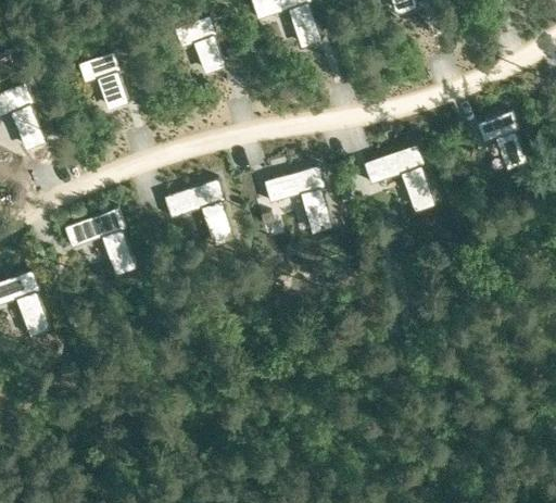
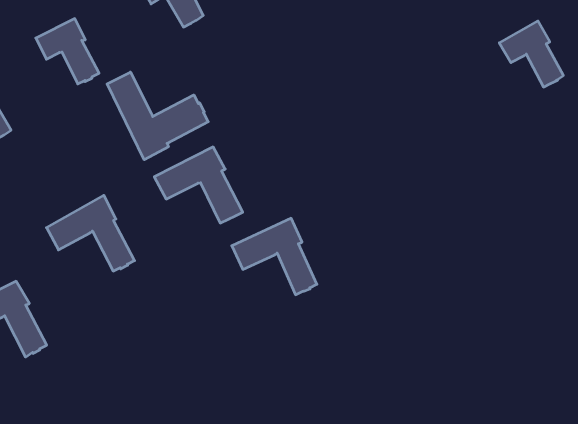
building: none -> [107,72,208,160]
building: [363,143,435,210] -> none
building: [264,165,332,231] -> [232,218,317,295]

